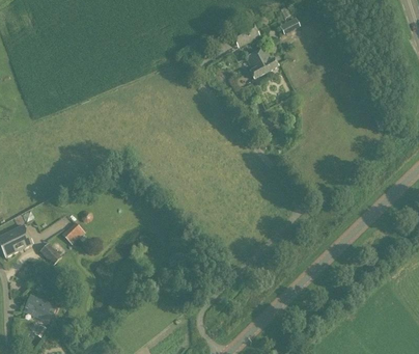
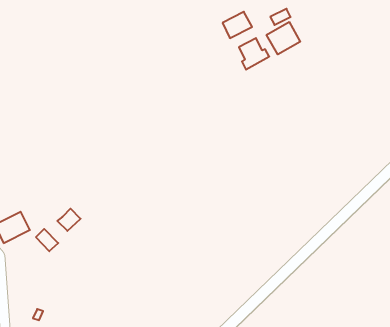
building: none -> [267,22,300,54]
building: [24,295,55,317] -> none

